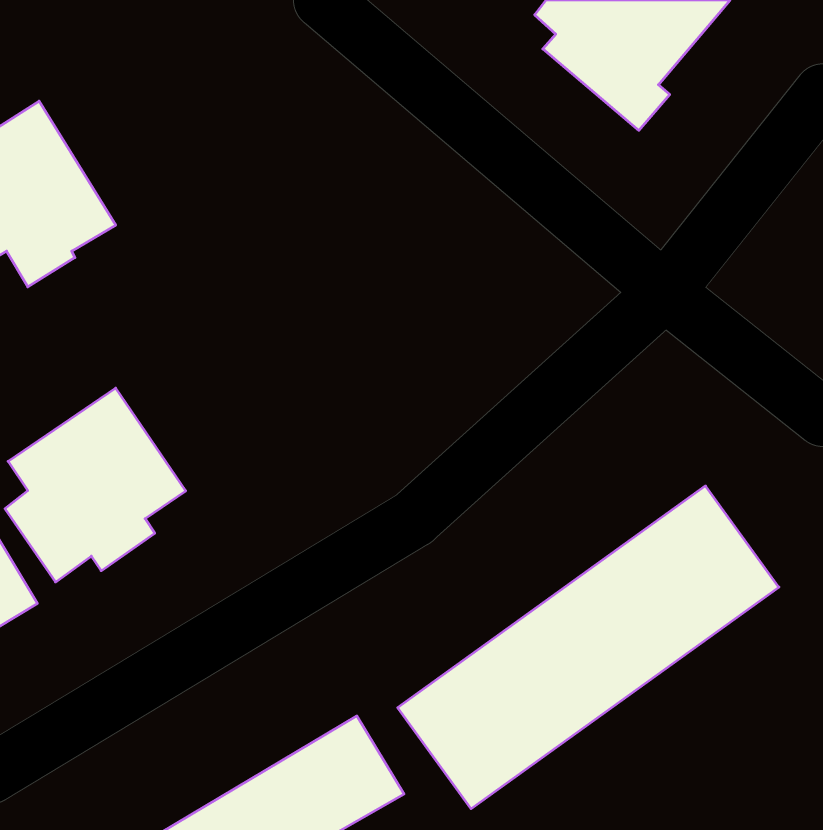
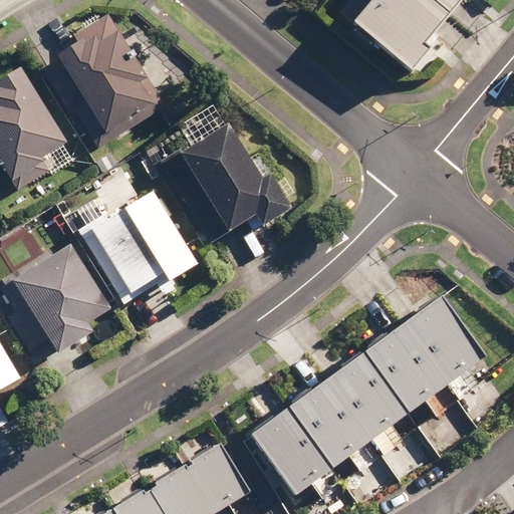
building: none -> [29,16,169,148]
building: none -> [164,121,295,242]
building: none -> [68,184,202,301]

